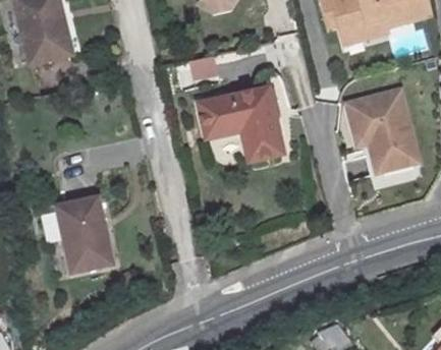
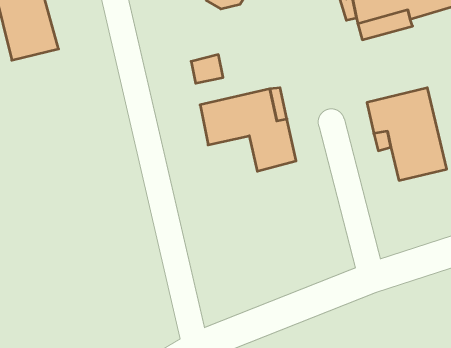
building: [56,198,112,275] -> none

